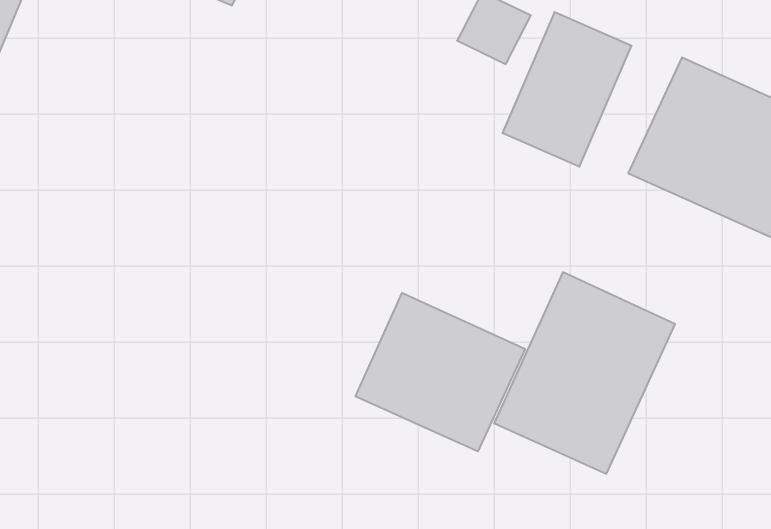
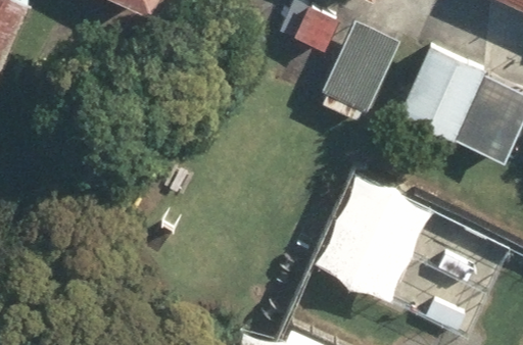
building: [356,293,525,451] -> none

